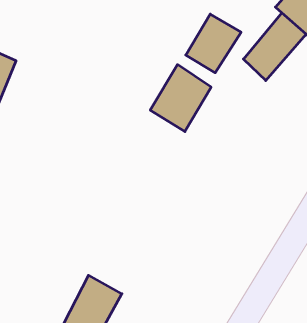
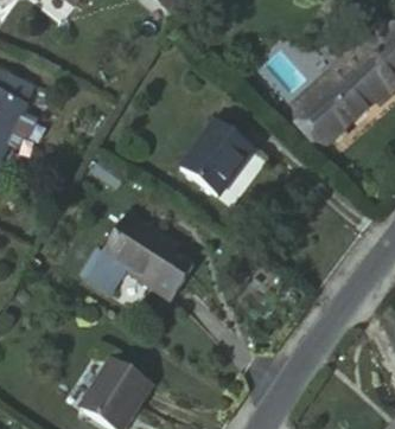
building: [186,14,241,73] -> none
building: none -> [91,209,187,287]

